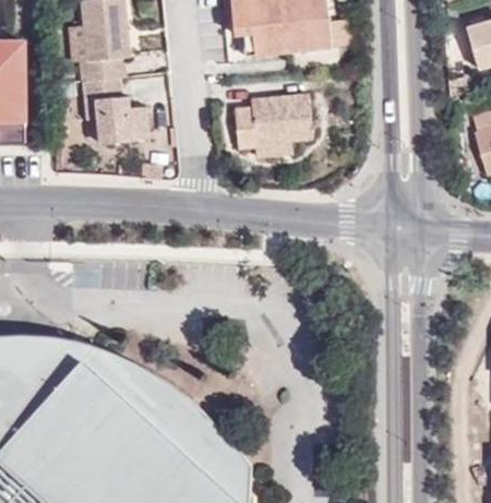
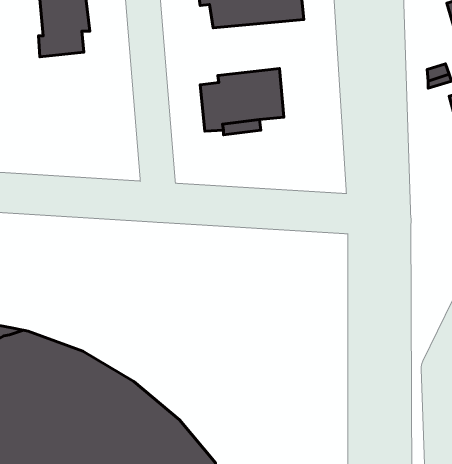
building: [97,96,149,143] -> none

